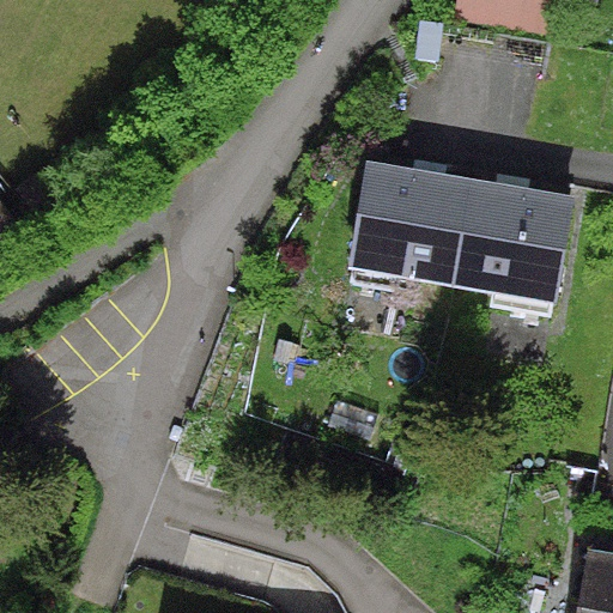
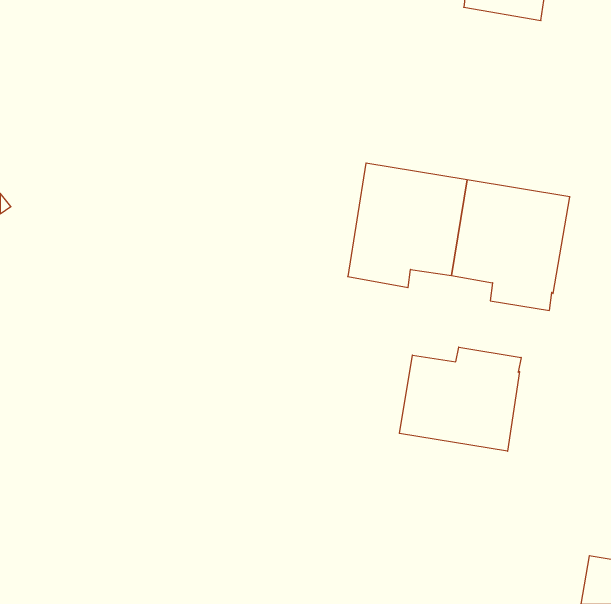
building: none -> [399,347,521,451]

